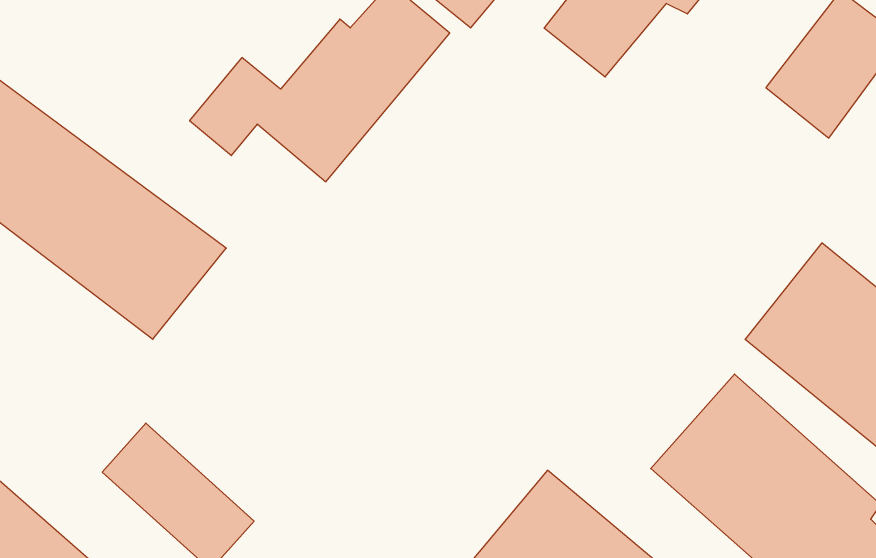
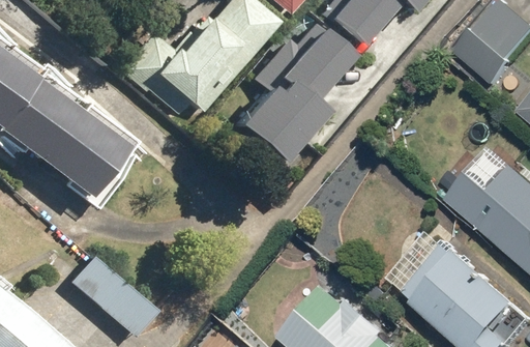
building: none -> [236,23,357,168]

